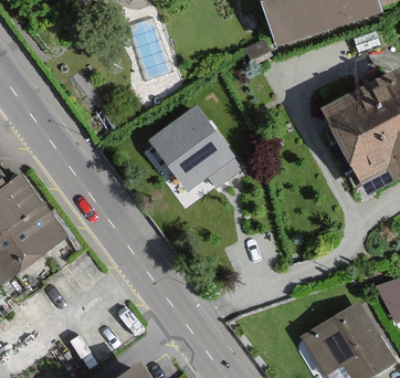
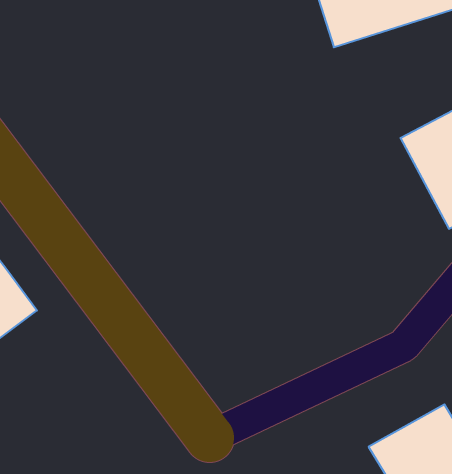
building: [149,108,238,189] -> none

